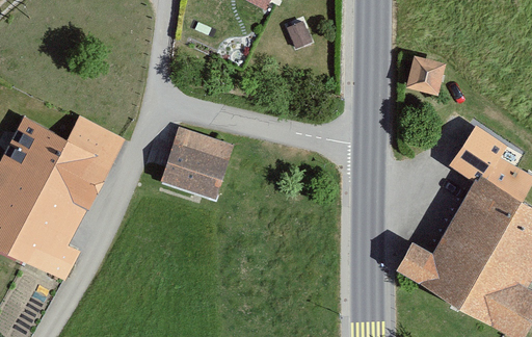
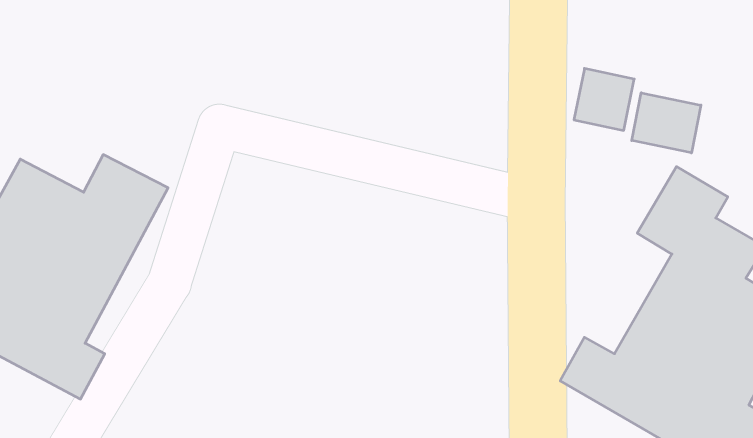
building: none -> [632,93,701,153]
building: [160,126,235,200] -> none

